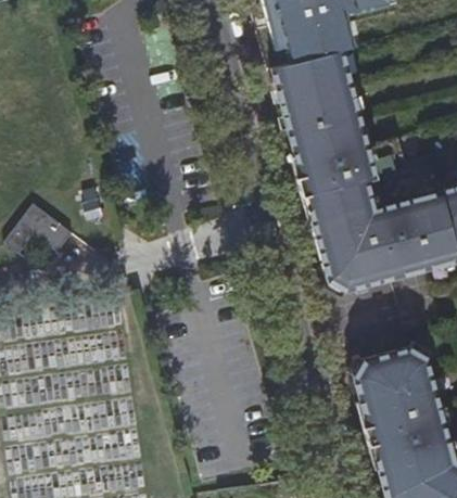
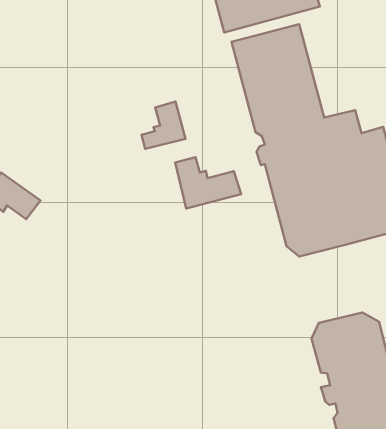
building: none -> [142,101,185,149]
building: none -> [175,157,241,209]

